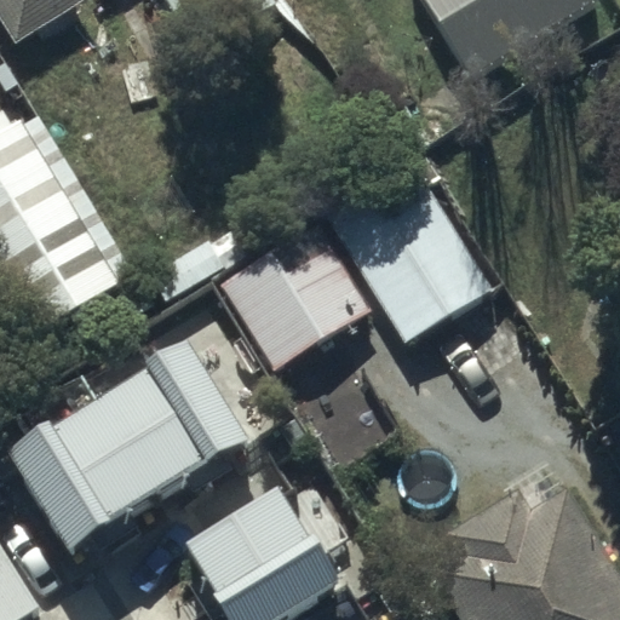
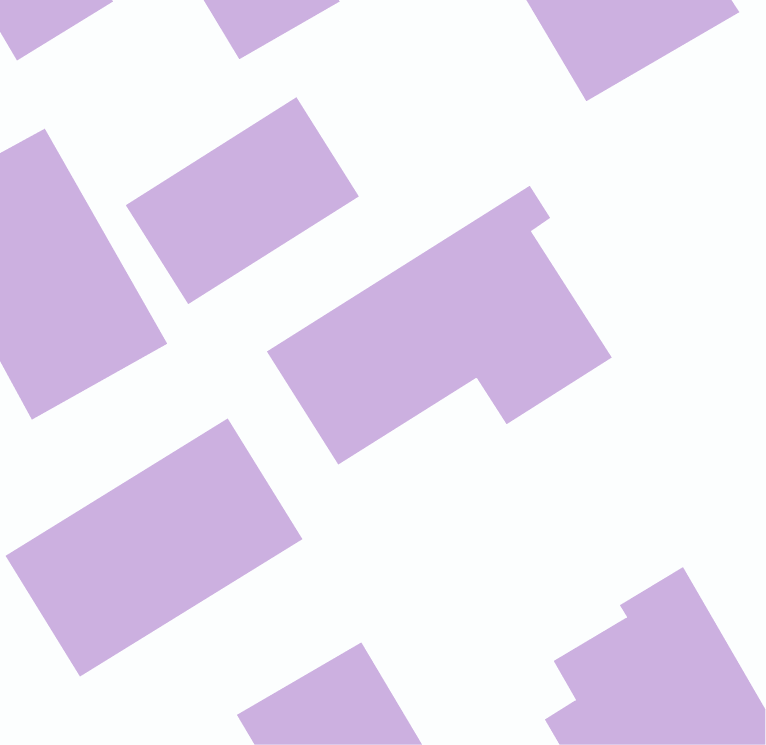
building: none -> [125,96,360,305]

